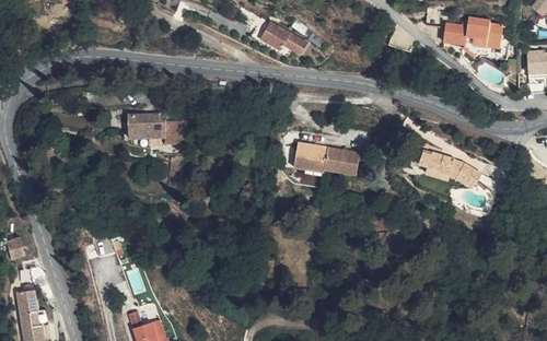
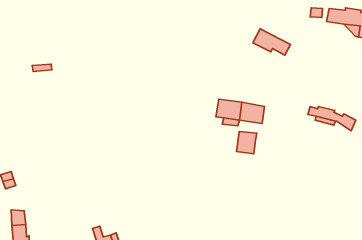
building: [260,21,311,56] -> [253,29,290,55]
building: [130,111,184,148] -> none
building: none -> [236,131,257,154]

